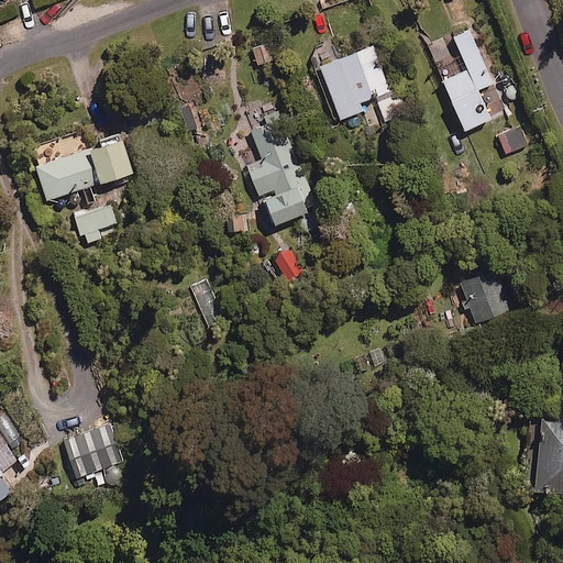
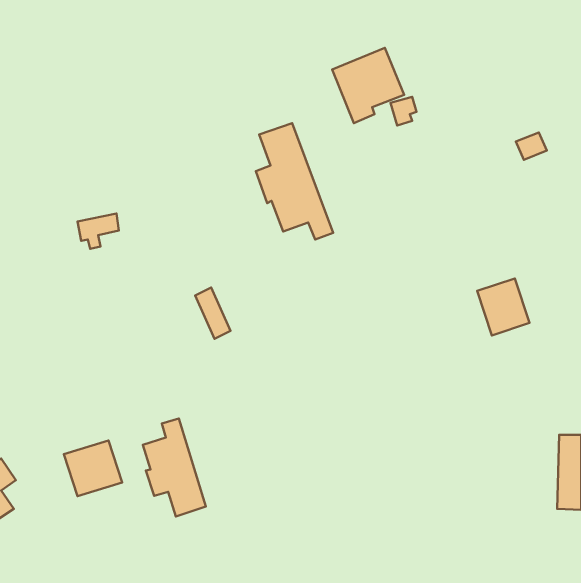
building: [442,30,493,130] -> none
building: [29,131,132,200] -> none
building: none -> [143,418,206,516]

